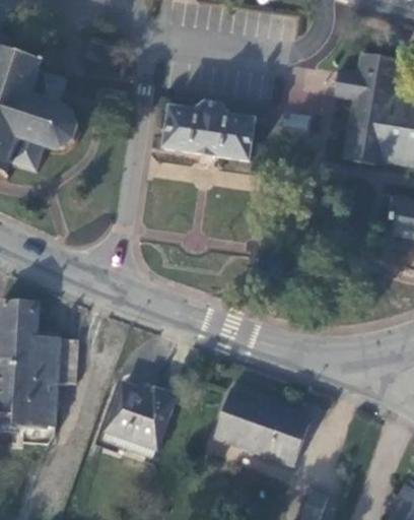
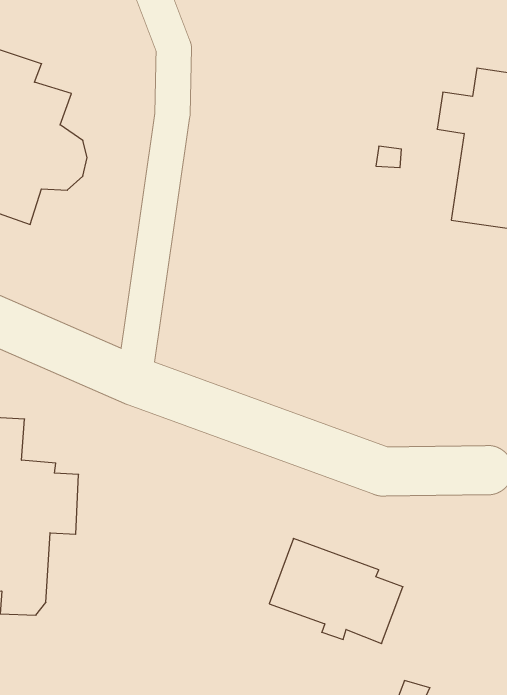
building: [162,103,255,164] -> none
building: [100,384,175,460] -> none

